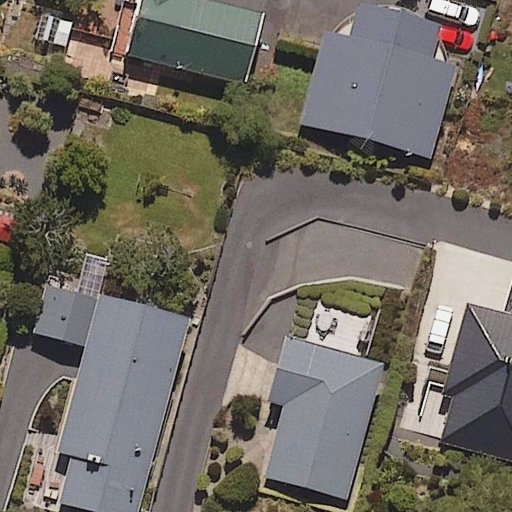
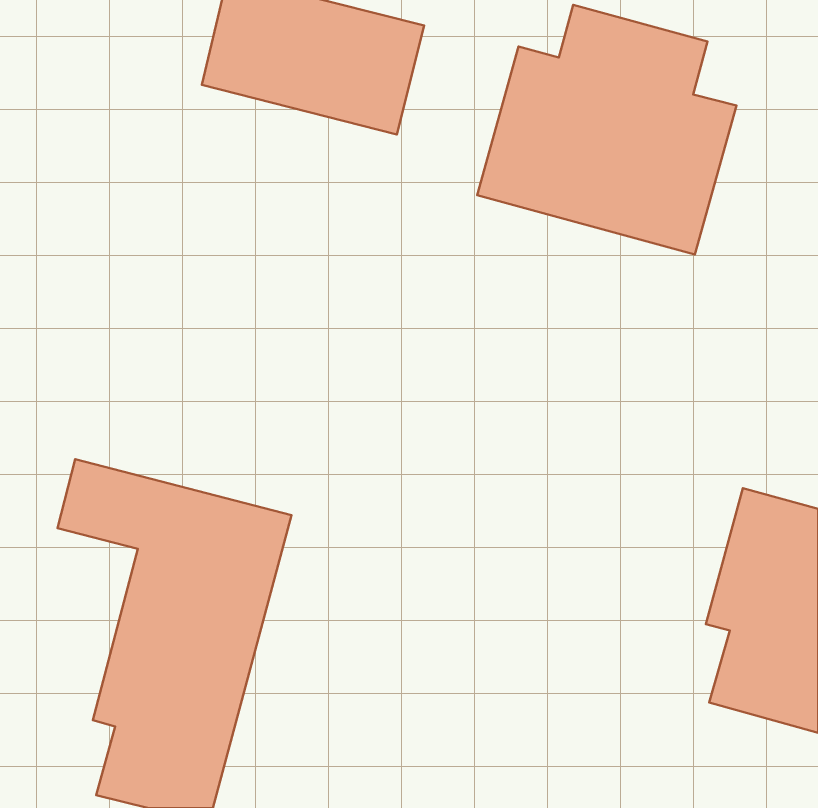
building: [266,334,386,494] -> none

